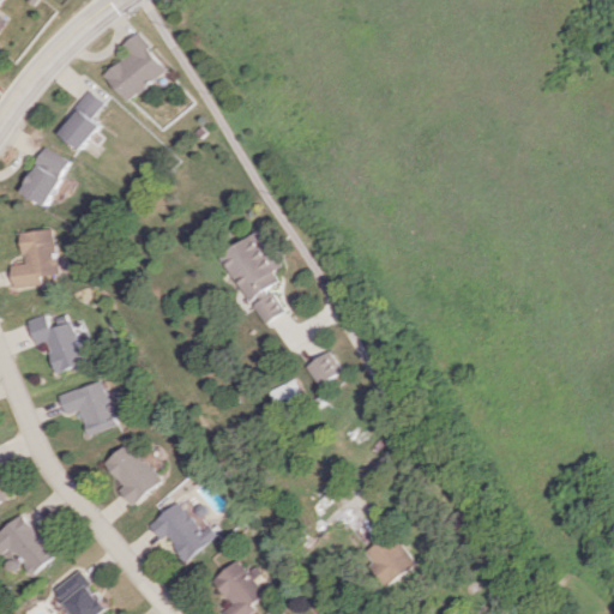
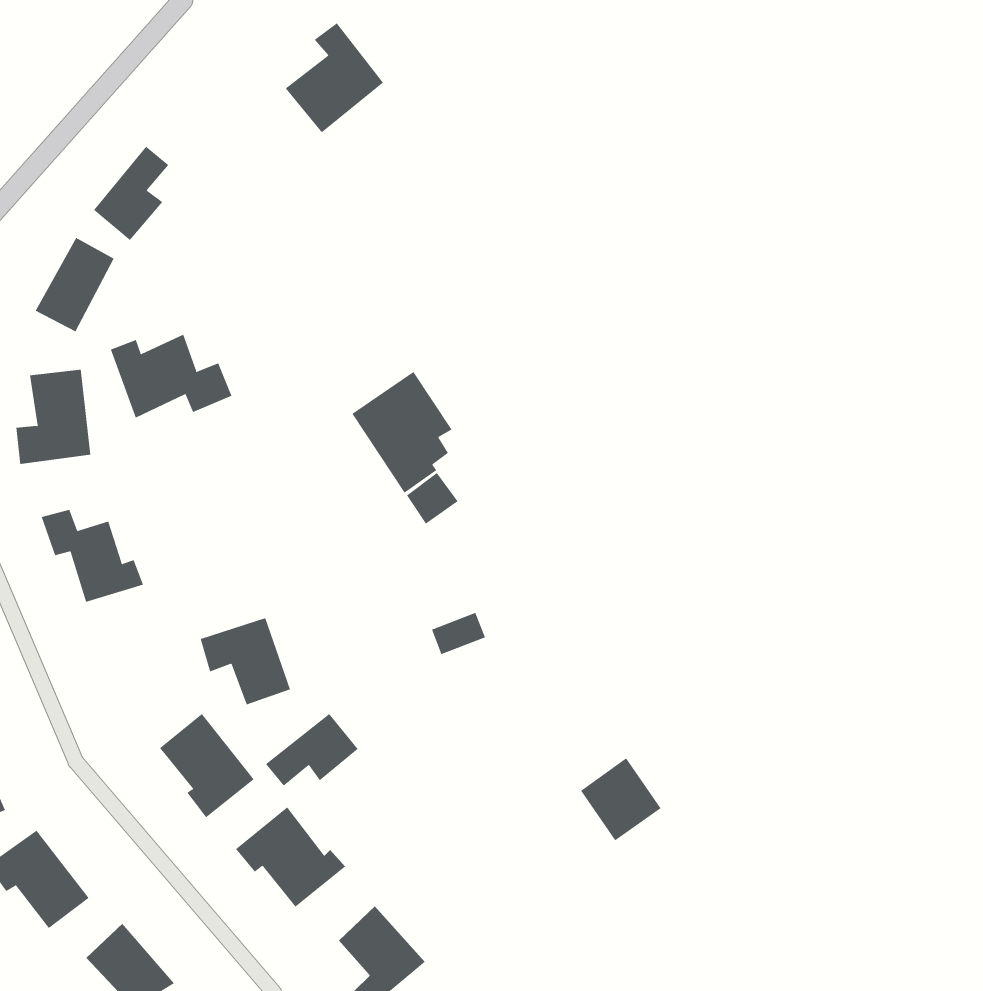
building: [103,34,164,102] -> [285,22,384,133]
building: none -> [110,334,232,419]
building: [303,351,341,387] -> none
building: [55,381,112,435] -> [200,618,291,705]
building: none -> [265,713,359,787]
building: [361,534,411,585] -> [580,758,662,841]

